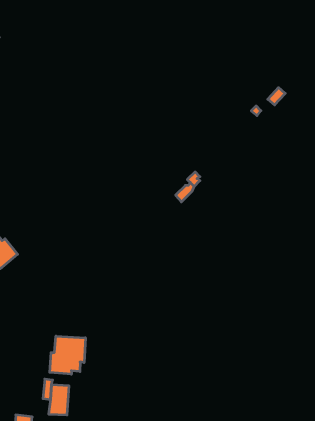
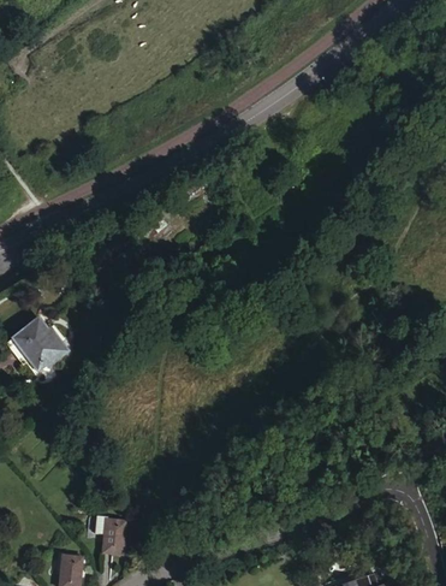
building: [50,336,85,374] -> none

